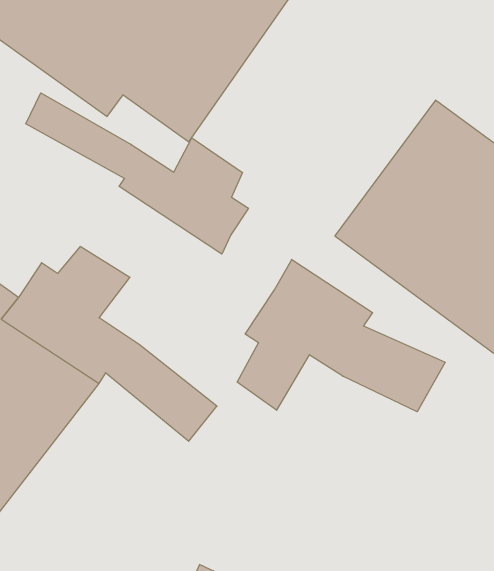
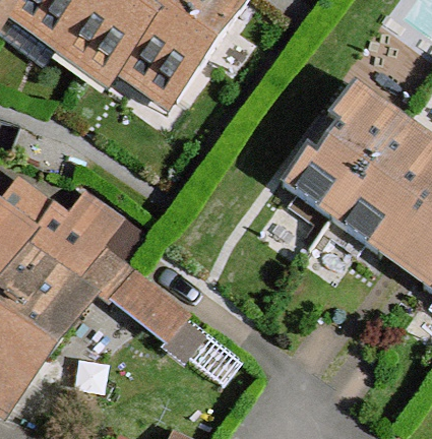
building: [26,93,248,254] -> none
building: [237,259,445,412] -> none

